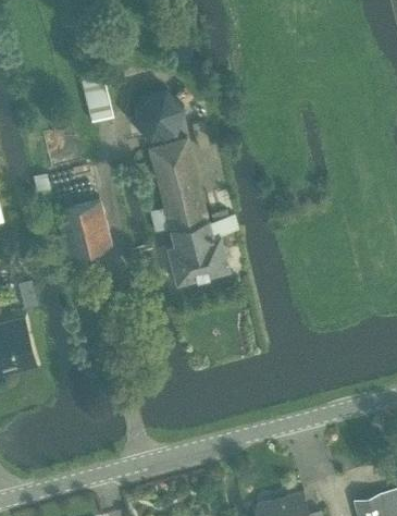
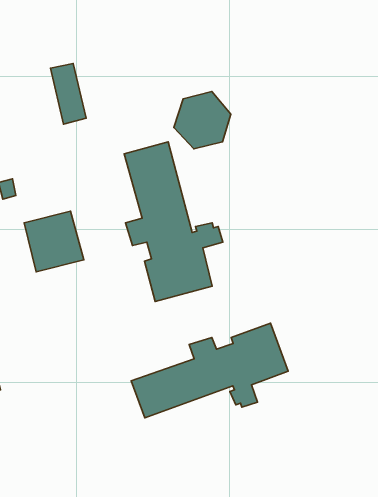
building: [132,89,184,142] -> [174,92,231,149]
building: none -> [131,323,288,418]

